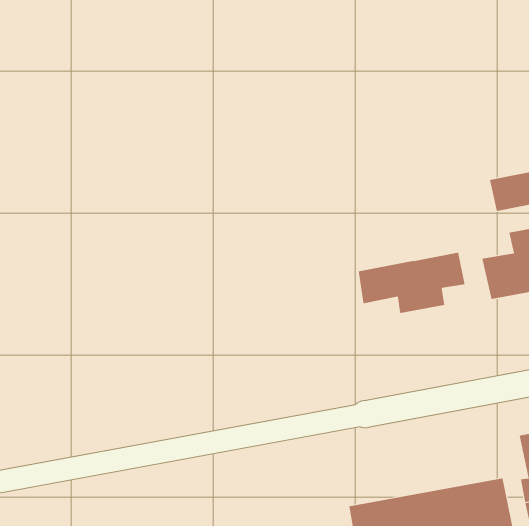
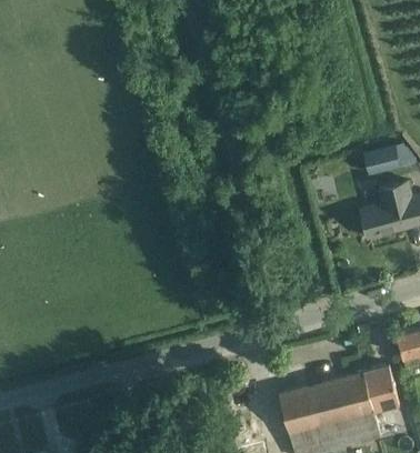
building: [358,252,465,314] -> none

